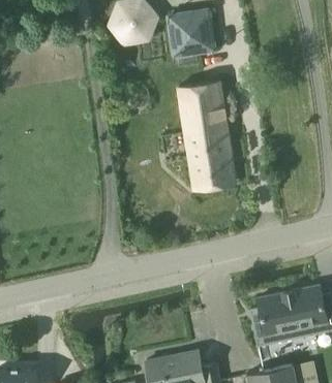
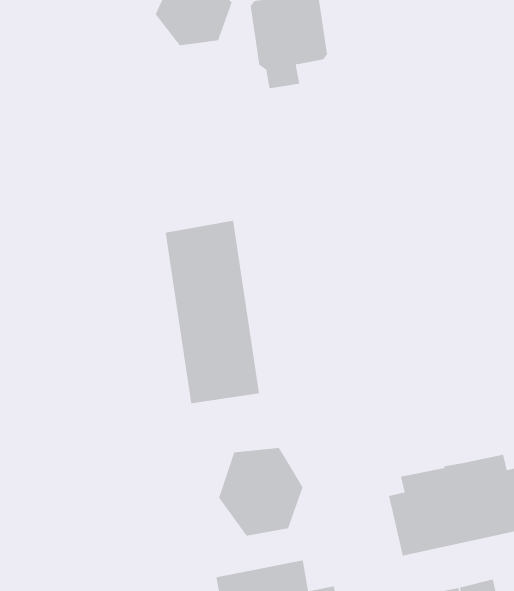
building: [178,81,235,190] -> [165,220,260,404]
building: none -> [218,447,303,537]

